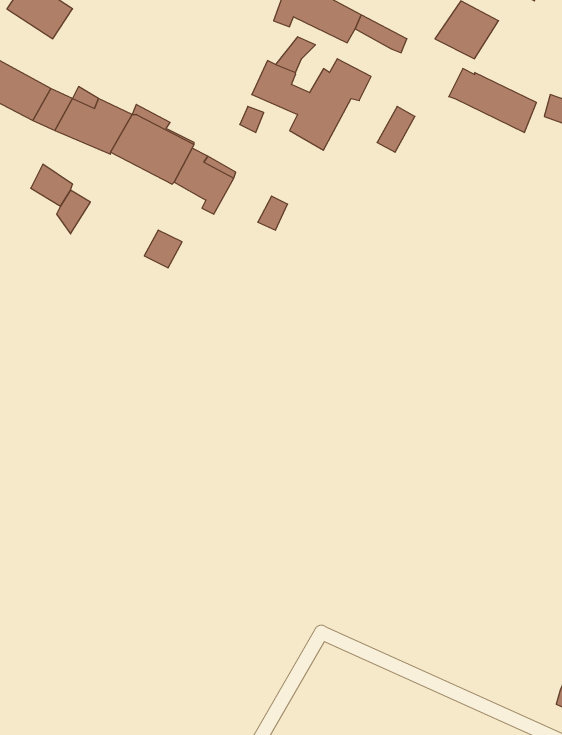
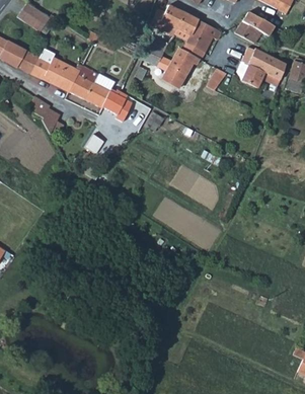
building: none -> [185,27,213,53]
building: none -> [240,63,281,87]

